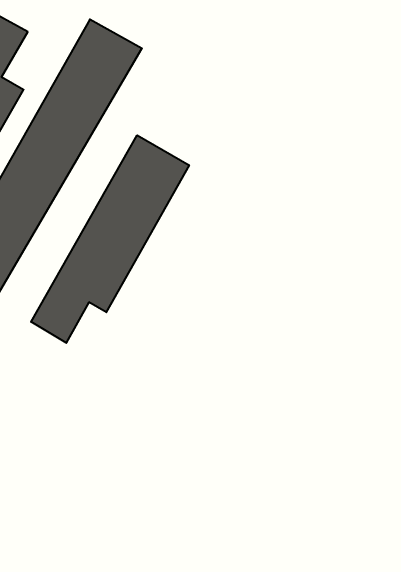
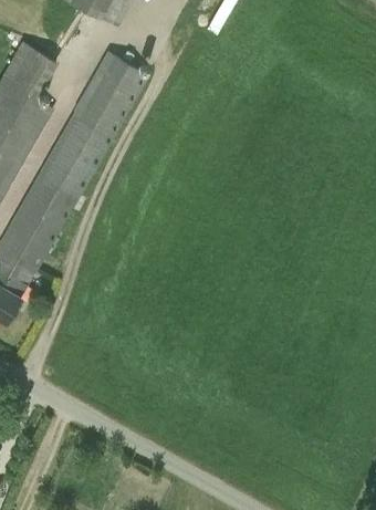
building: [31,135,189,343] -> none

